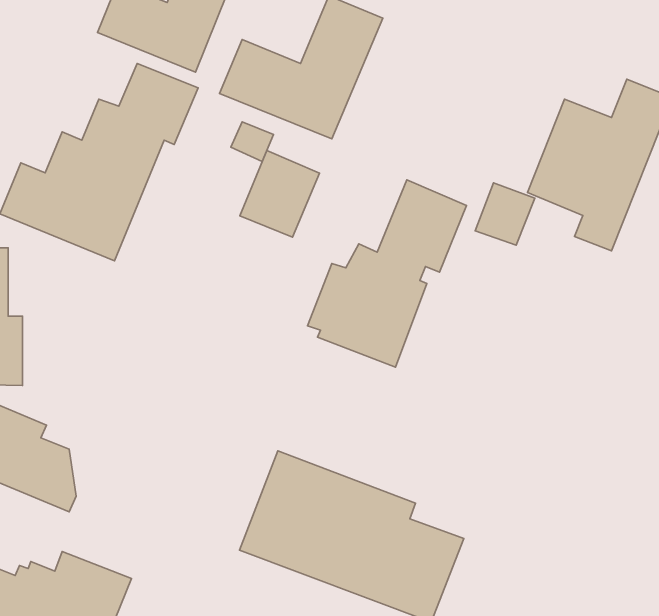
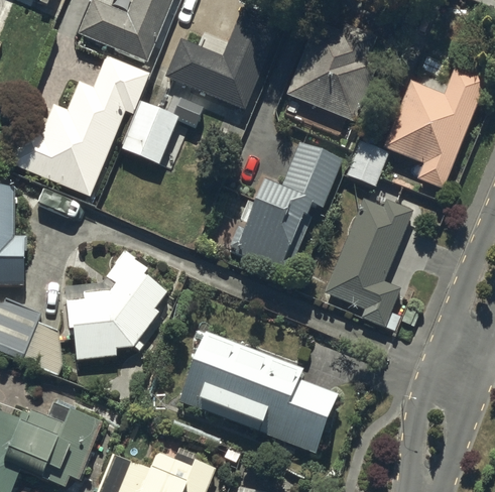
building: none -> [284,20,386,122]
building: [240,151,319,237] -> [121,103,177,164]
building: none -> [325,198,412,327]
building: none -> [65,252,166,359]

